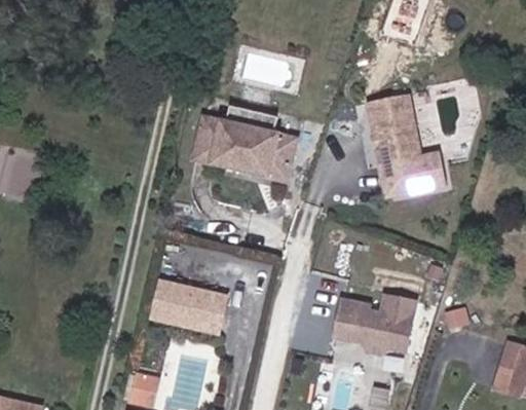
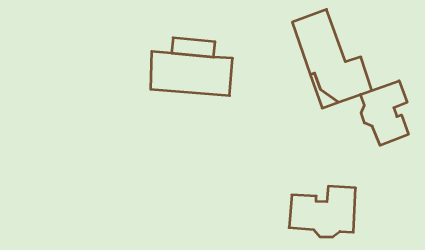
building: none -> [360,81,408,145]
building: [151,276,227,328] -> none

